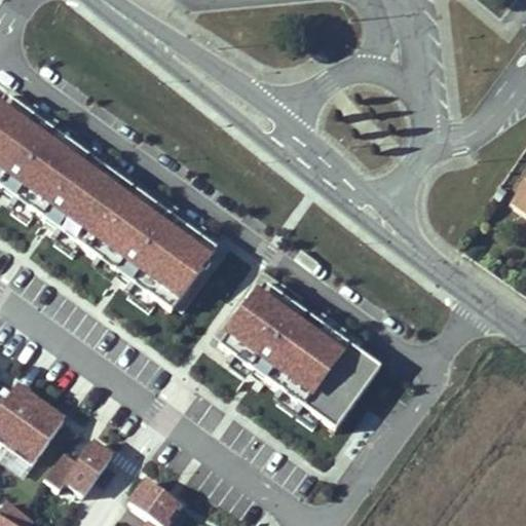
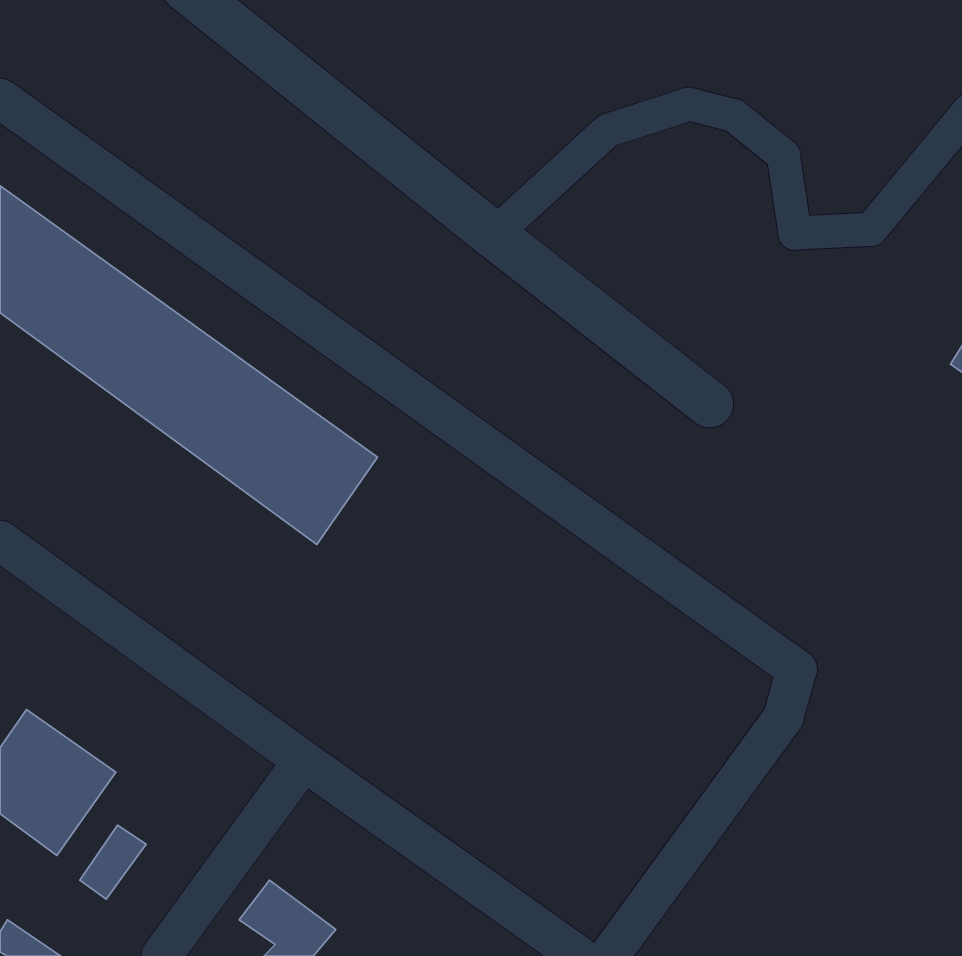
building: [213,283,375,421] -> none
building: [67,440,114,493] -> none

